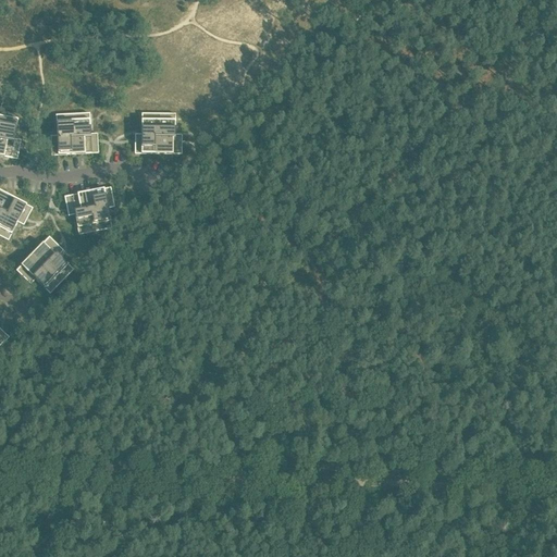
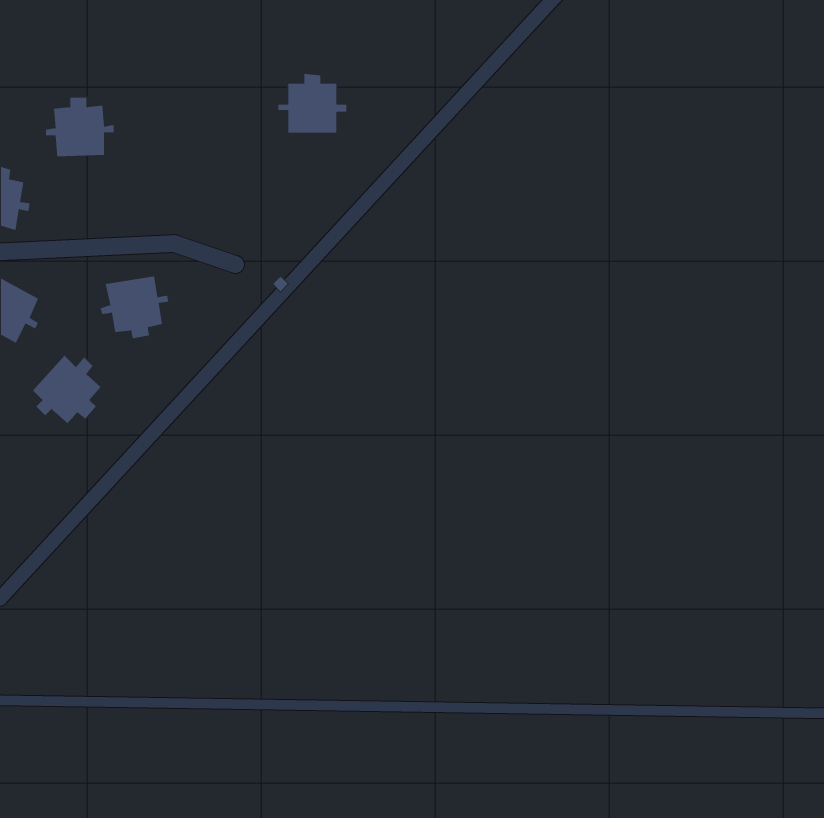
building: [135,111,182,151] -> [278,74,347,133]
building: [51,112,98,152] -> [45,97,115,157]

